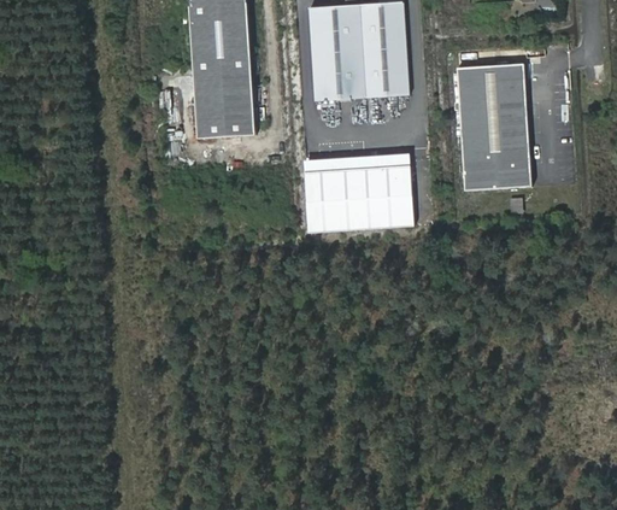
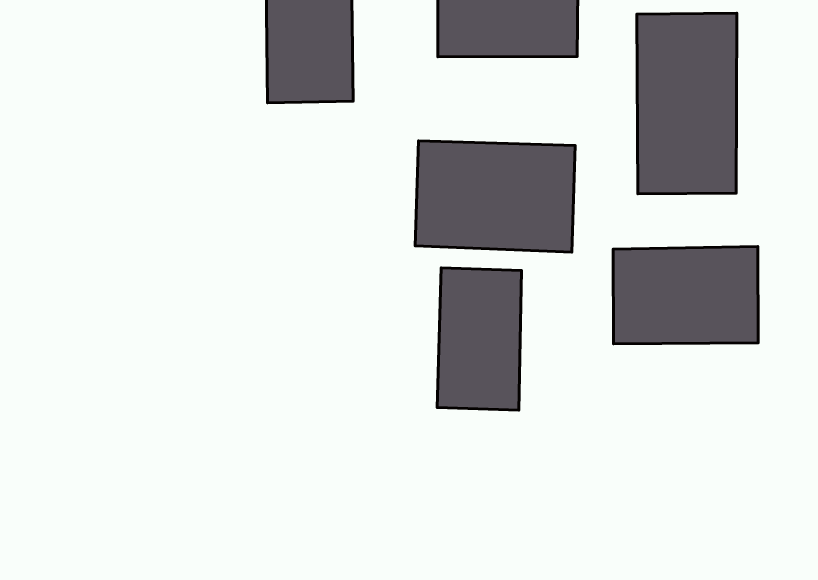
building: none -> [613,246,758,344]
building: none -> [437,268,521,410]

